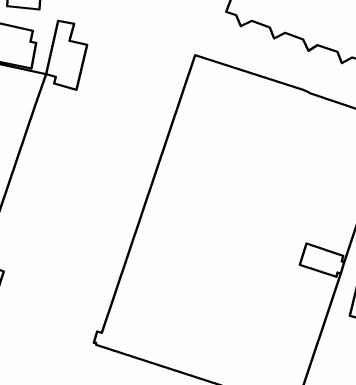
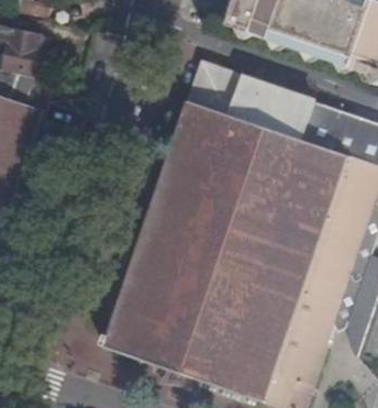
building: [46,21,87,90] -> none

